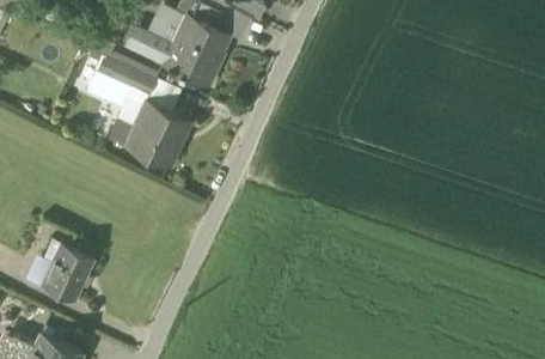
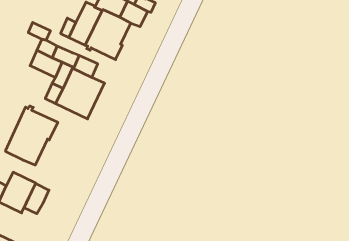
building: none -> [6,106,58,165]
building: none -> [24,183,49,214]

